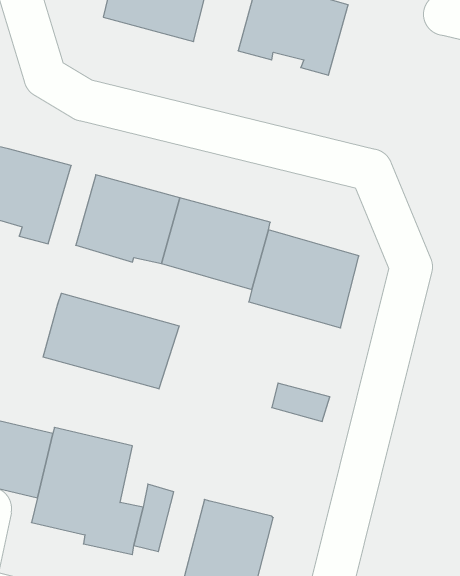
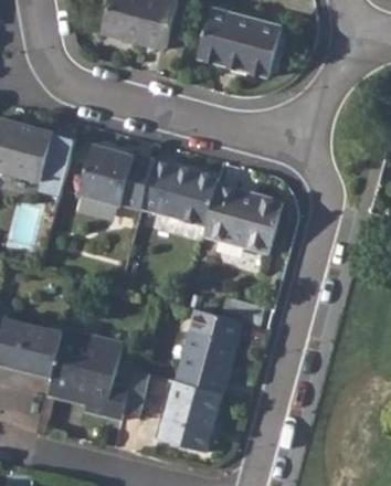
building: [43,293,179,389] -> none
building: none -> [176,309,239,393]

